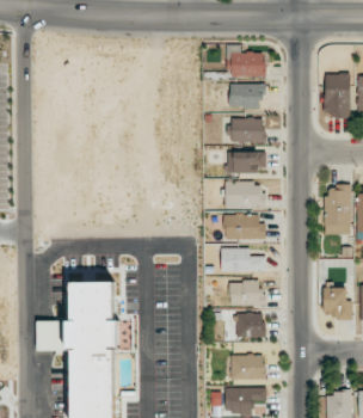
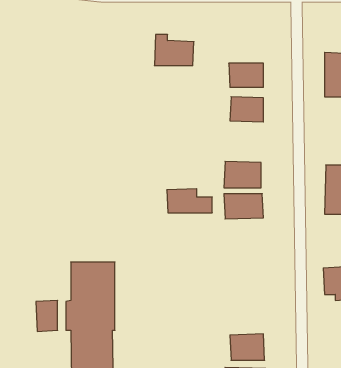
building: [227,45,266,76] -> [154,35,194,66]
building: [227,150,266,173] -> none
building: [221,247,266,271] -> [167,189,212,213]
building: [229,281,263,305] -> none
building: [236,313,264,337] -> none

